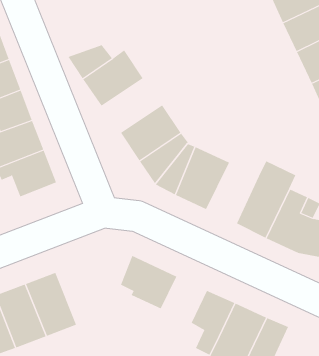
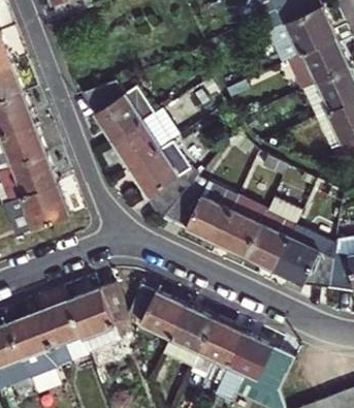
building: none -> [110,112,170,165]
building: none -> [214,194,264,254]
building: none -> [66,284,126,353]
building: none -> [162,306,214,367]

